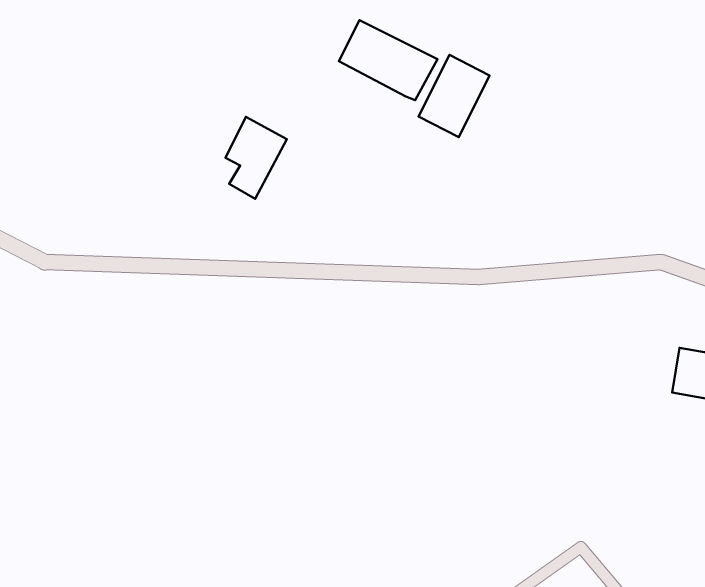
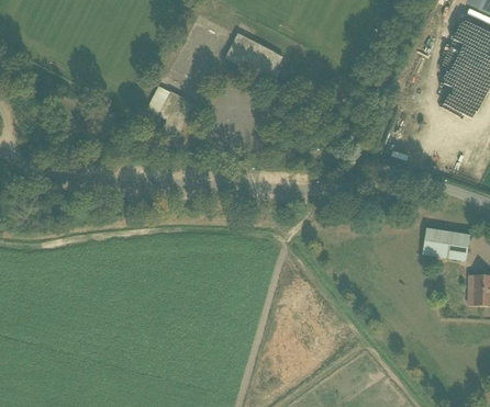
building: [419,55,489,137] -> none

